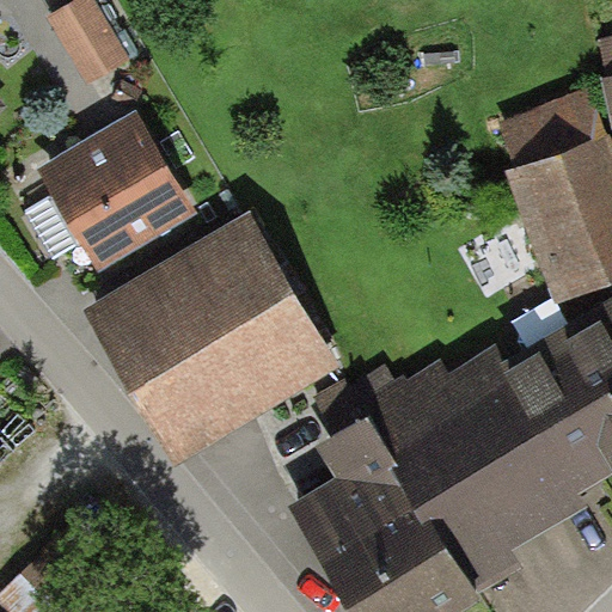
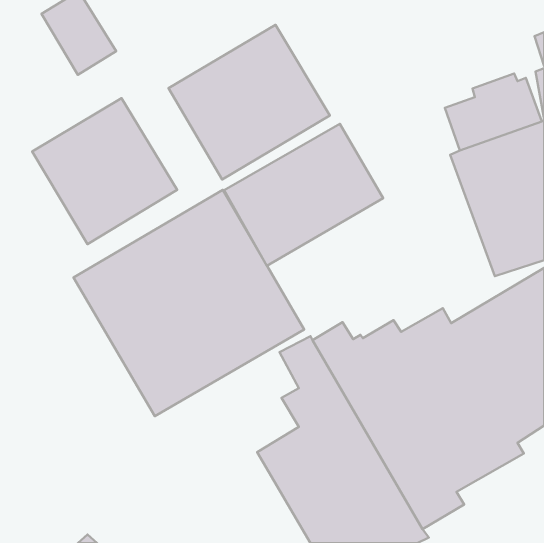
building: none -> [168,25,330,180]
building: none -> [224,124,383,266]

